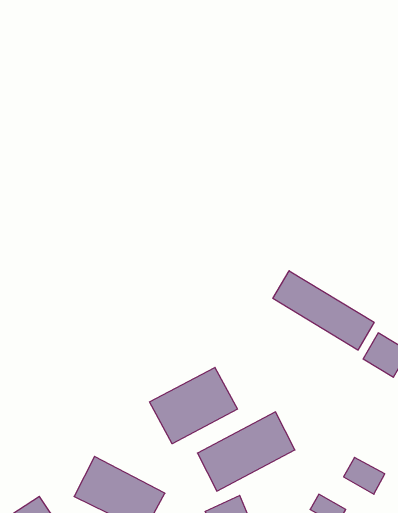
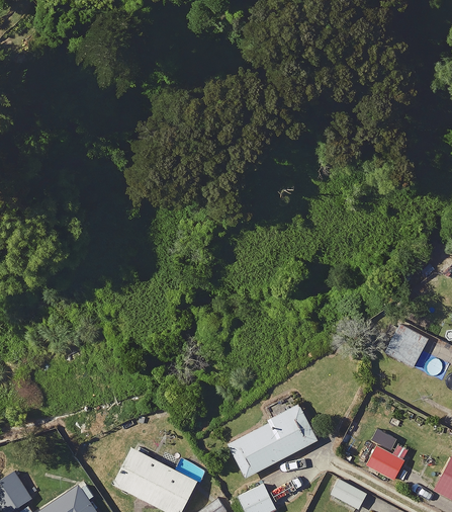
building: [273,271,374,350] -> none
building: [150,367,237,444] -> none

